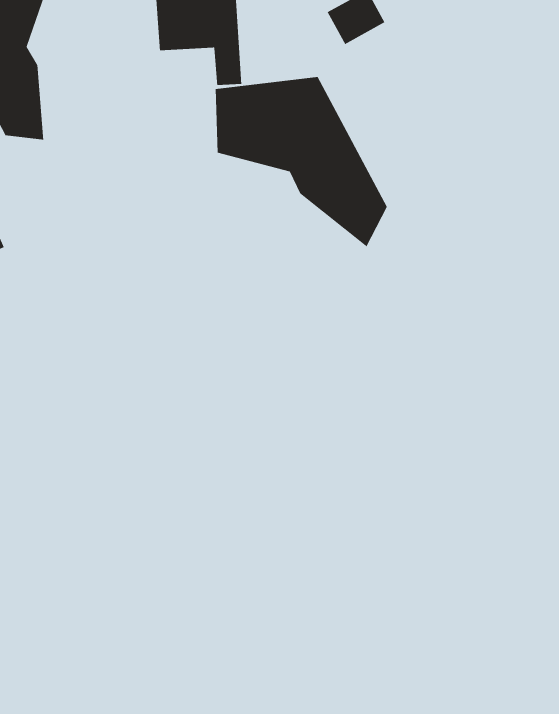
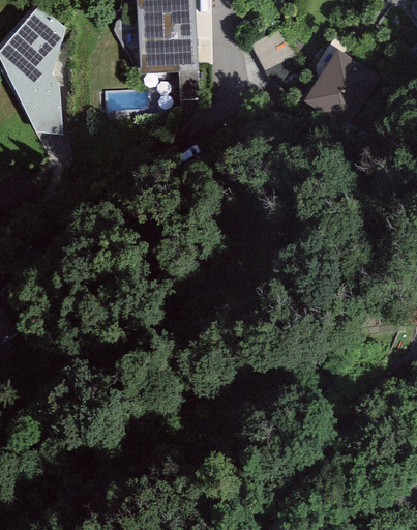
building: none -> [308,55,373,121]
building: [215,76,388,247] -> none

